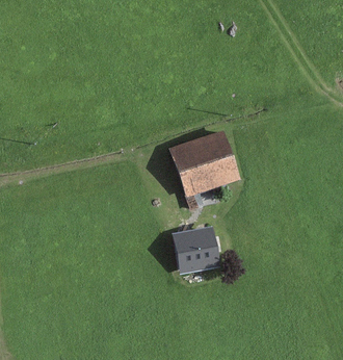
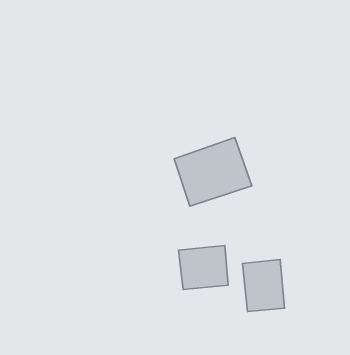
building: none -> [242,260,284,312]

